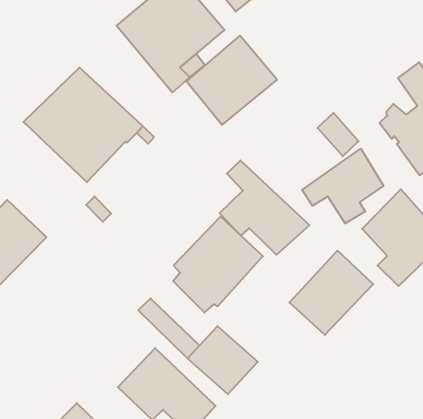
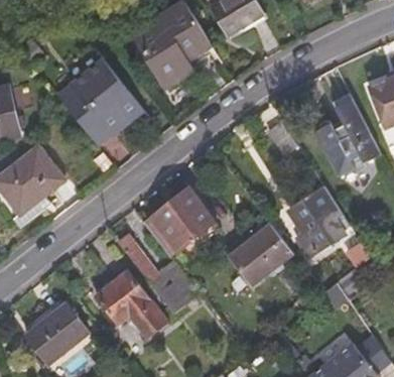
building: [187,36,277,125] -> none
building: [302,149,384,224] -> none
building: [220,160,309,255] -> none

